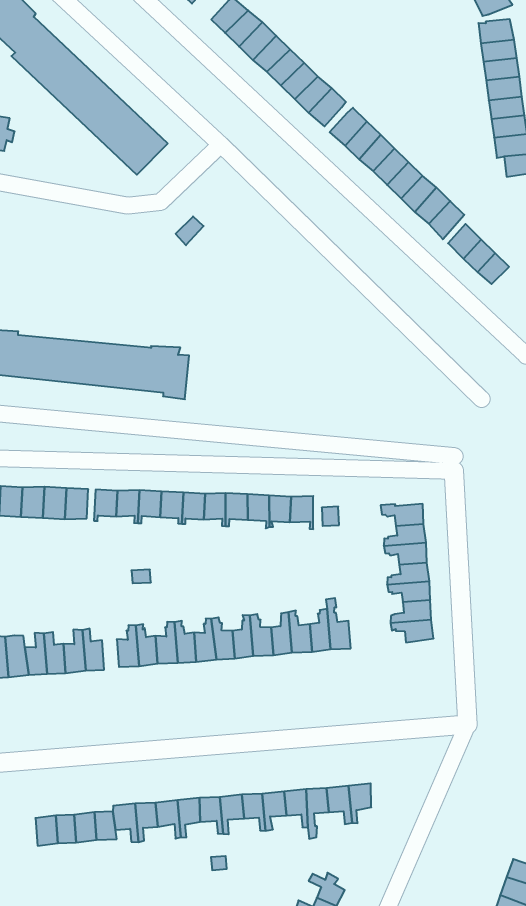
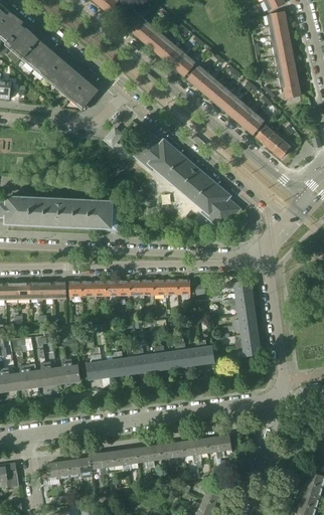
building: none -> [131,131,239,229]

